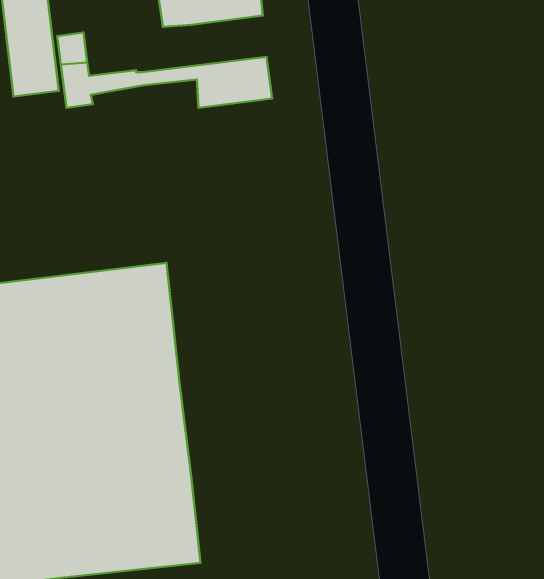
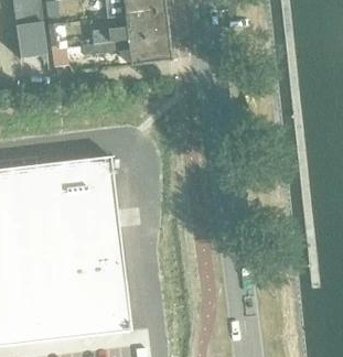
building: none -> [92,11,168,44]

